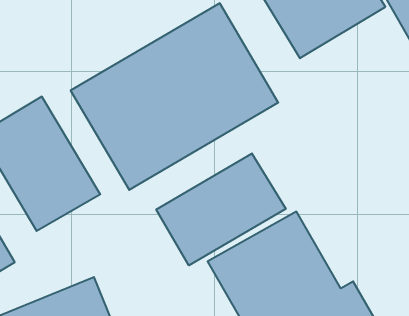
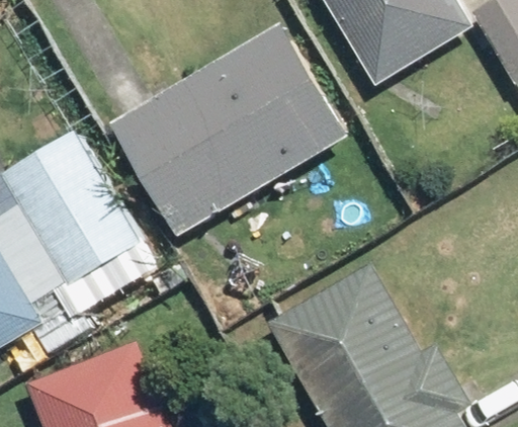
building: [156,153,286,265] -> none

